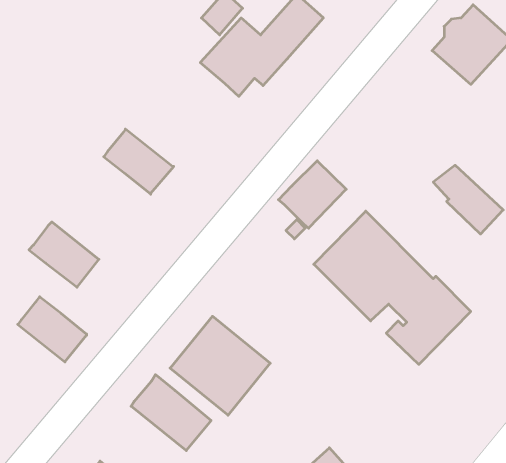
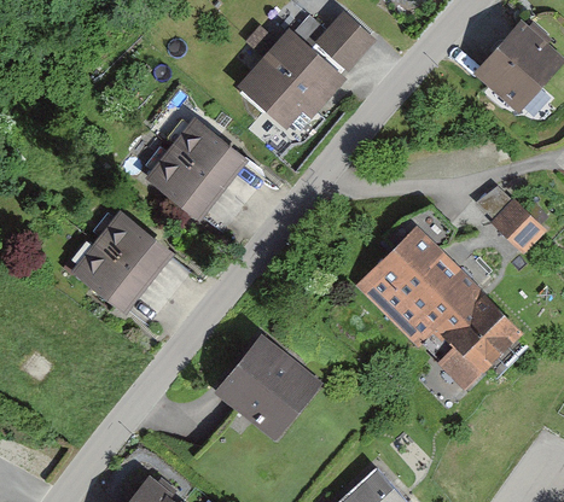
building: none -> [173,122,243,187]
building: [278,161,346,228] -> none
building: [18,297,87,362] -> [99,215,168,280]
building: [131,375,211,451] -> none

